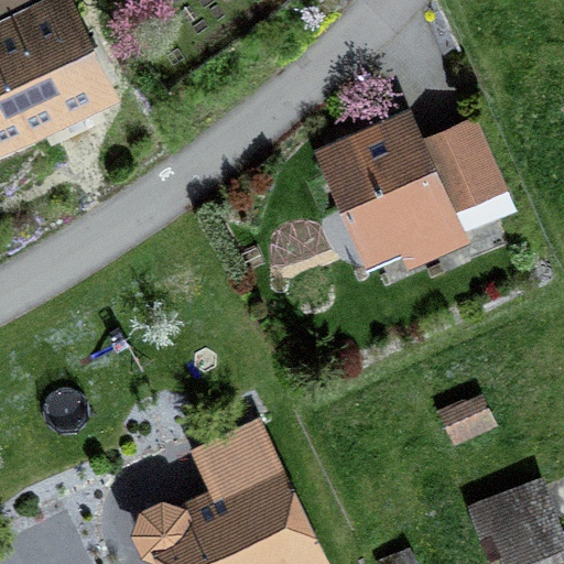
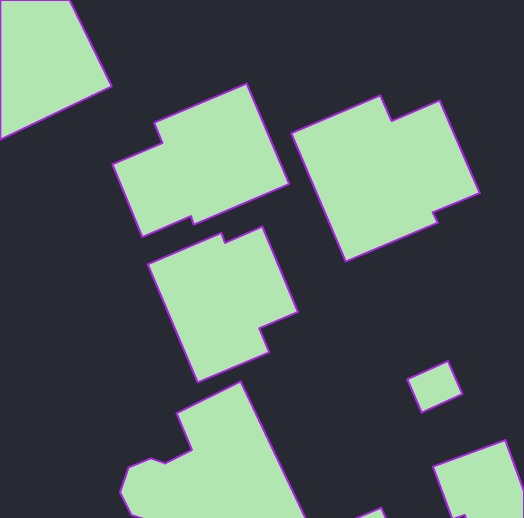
building: none -> [113,83,289,237]
building: none -> [148,226,298,382]

